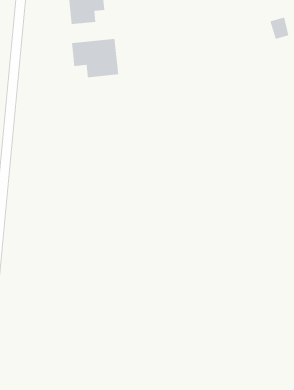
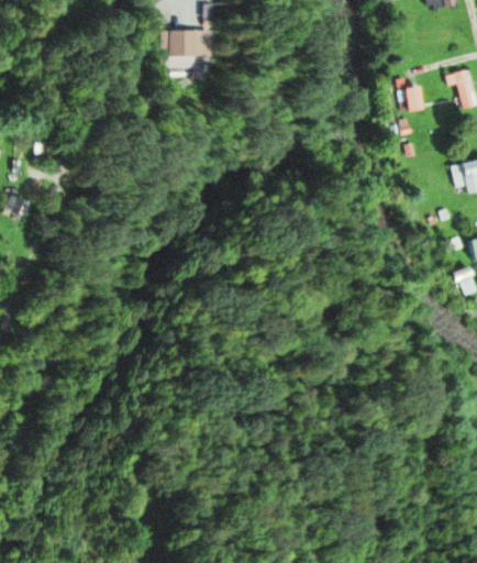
building: [72,38,119,78] -> none

